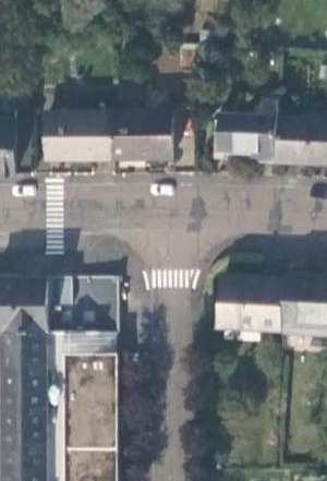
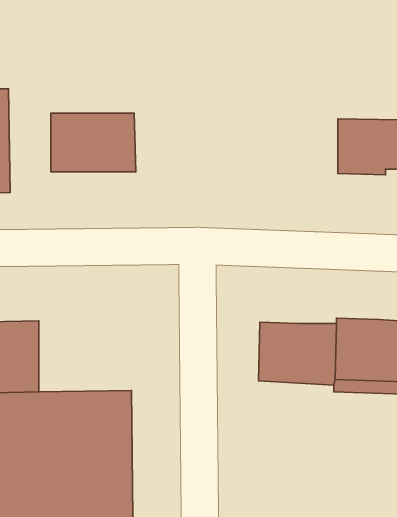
building: [222,111,279,160] -> none
building: [117,112,174,159] -> none
building: [40,278,114,335] -> none

